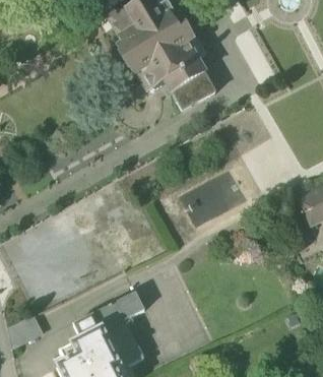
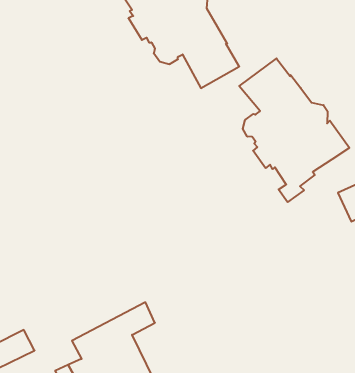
building: none -> [239,58,349,202]

